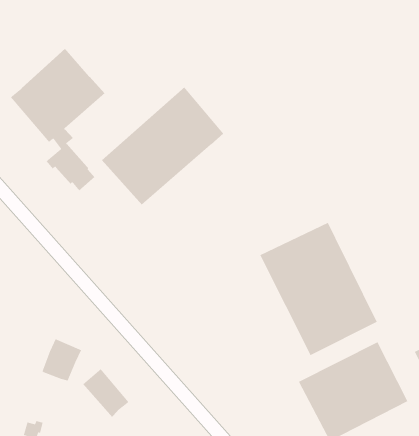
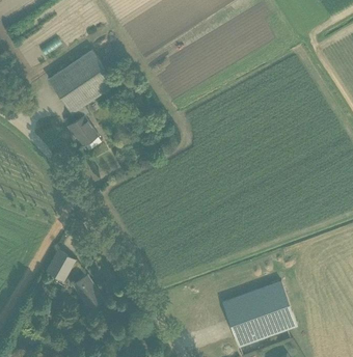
building: [101,87,224,206] -> none
building: [259,222,378,356] -> none

